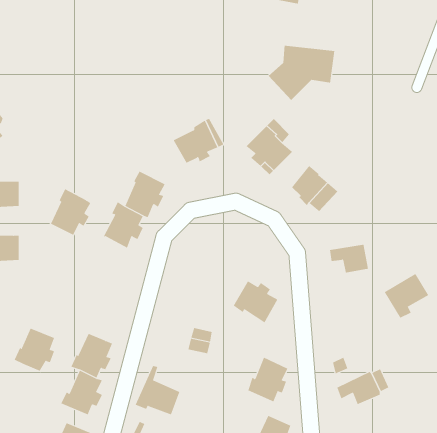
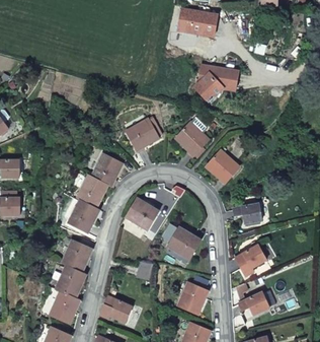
building: [50,189,91,235] -> [69,199,97,231]
building: none -> [125,200,157,228]
building: [384,273,429,319] -> [235,245,266,276]
building: [14,328,55,372] -> [61,241,89,271]

